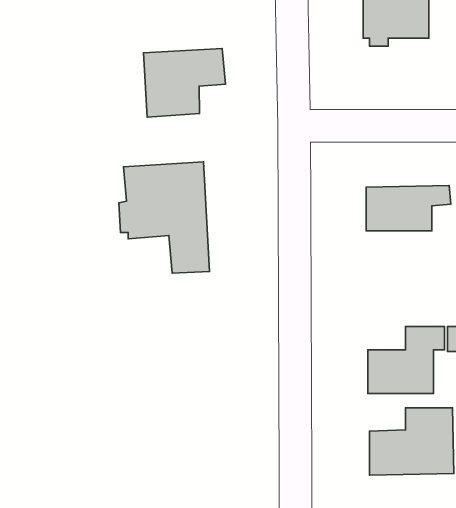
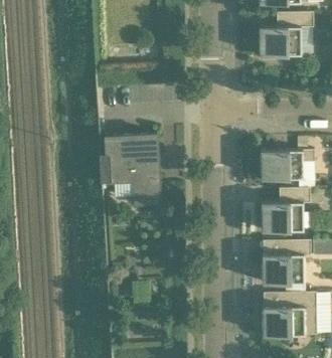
building: [143,48,225,117] -> none
building: none -> [261,188,310,231]

